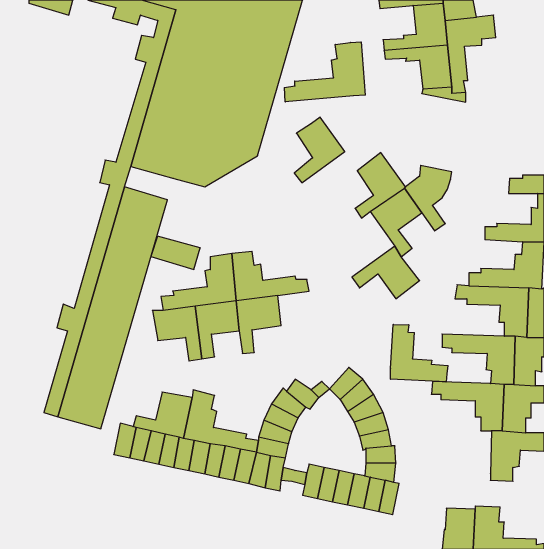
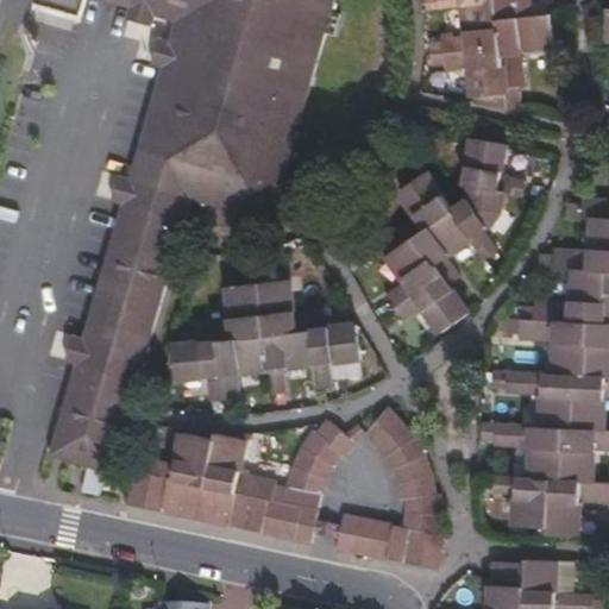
building: [284,42,365,102] -> none
building: [294,117,345,183] -> [382,234,438,307]
building: none -> [460,134,521,193]
building: [151,236,200,269] -> [138,184,193,221]
building: none -> [308,321,358,387]
building: [391,324,448,382] -> none
building: none -> [488,475,545,525]

